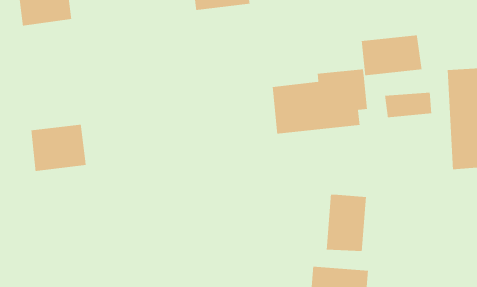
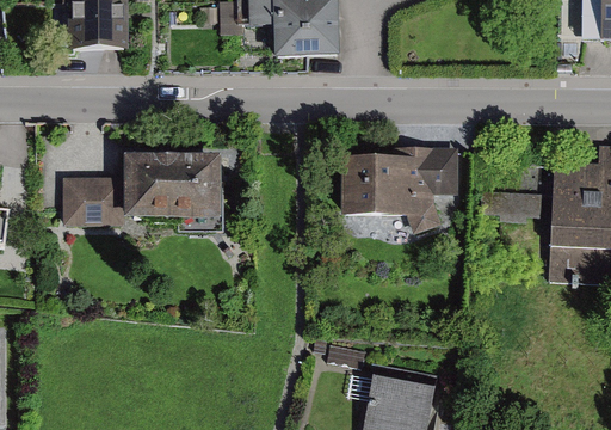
building: [361,34,422,76] -> none
building: none -> [123,153,220,219]
building: [326,194,367,252] -> none

